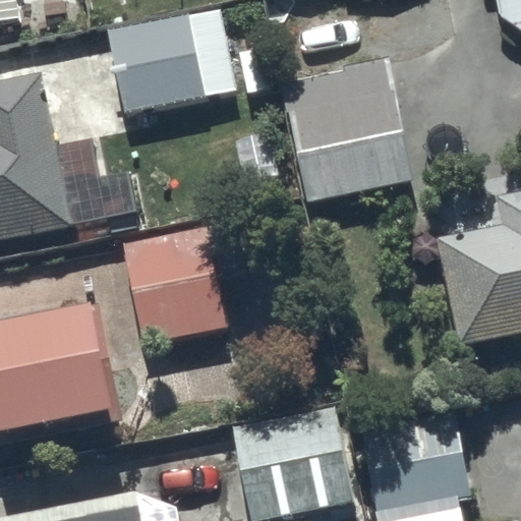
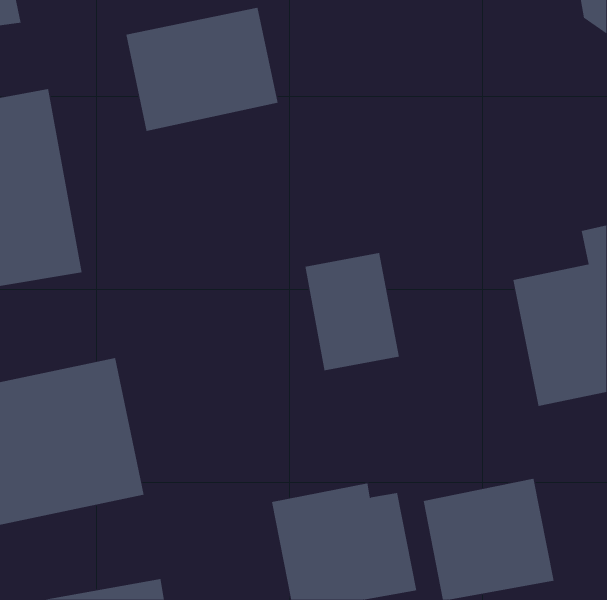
building: [279,52,413,204] -> none
building: none -> [305,252,399,371]
building: [124,227,228,346] -> none

